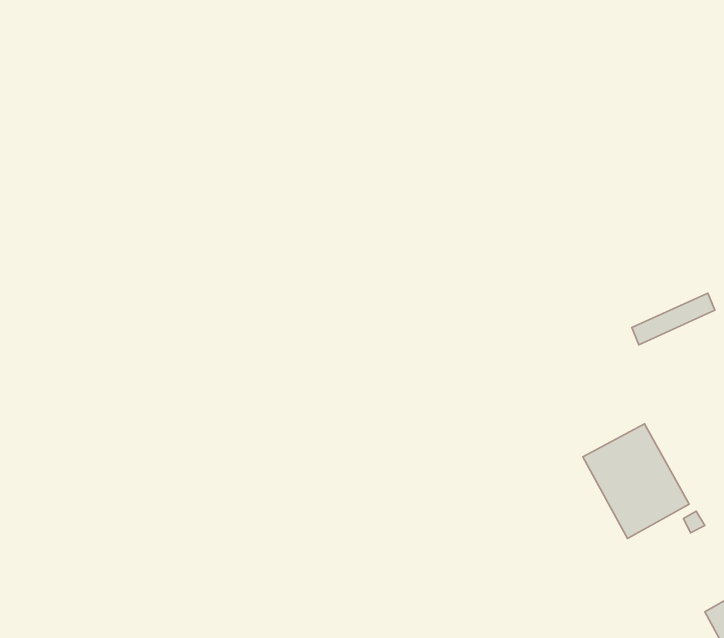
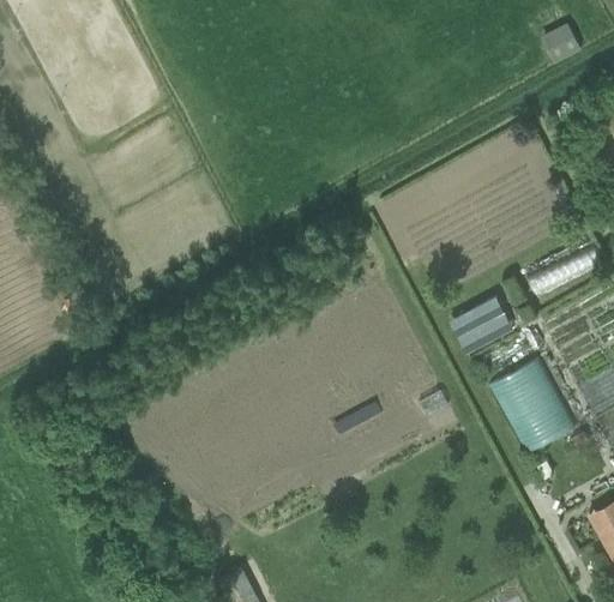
building: none -> [543,22,582,60]
building: none -> [450,295,513,350]

